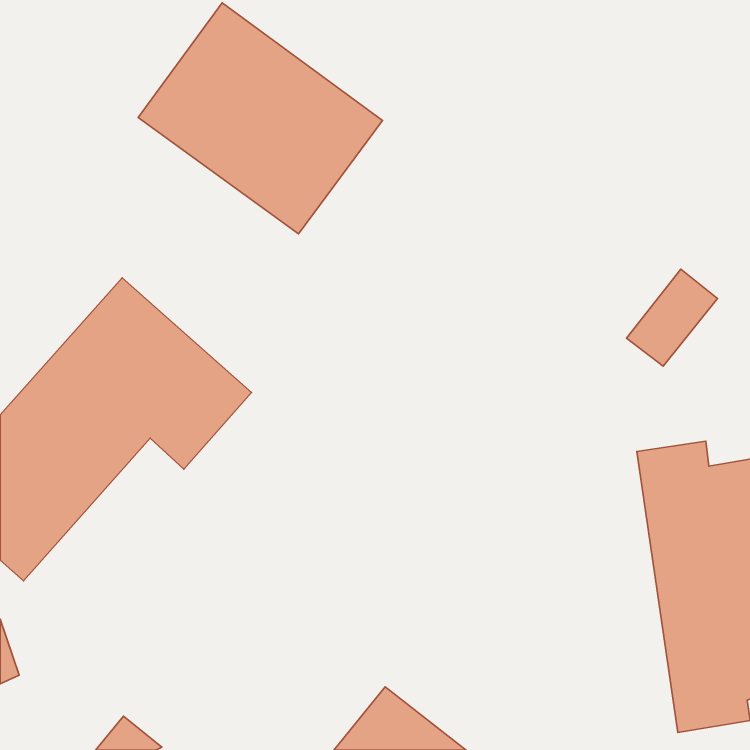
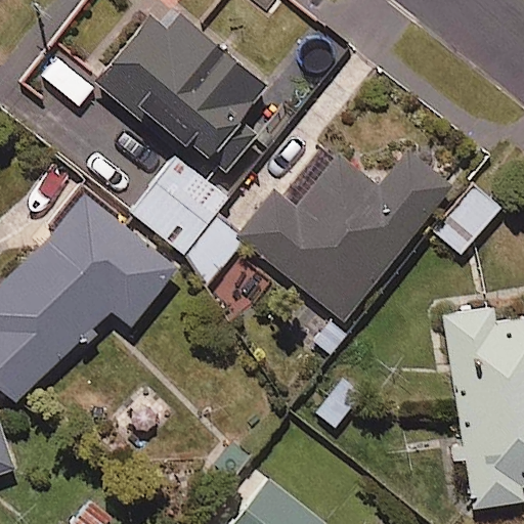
building: none -> [237,146,451,322]
building: none -> [131,157,235,271]

